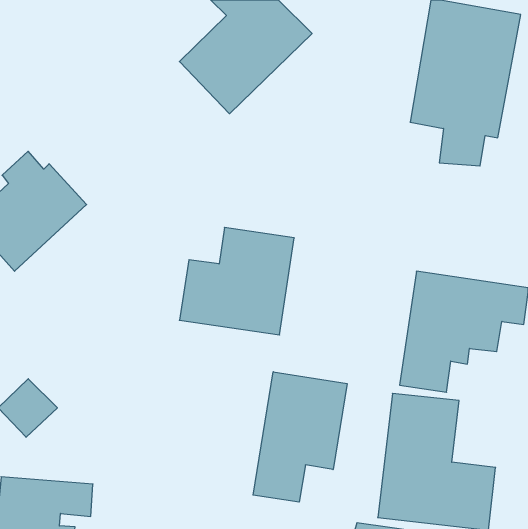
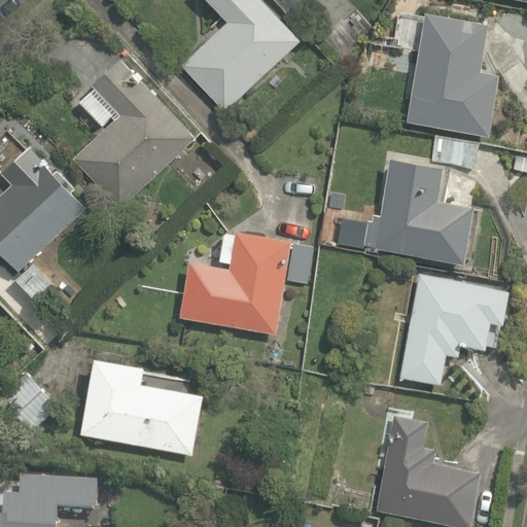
building: none -> [74,50,202,210]
building: none -> [318,159,480,265]
building: none -> [80,358,204,455]
building: [253,372,347,502] -> none

